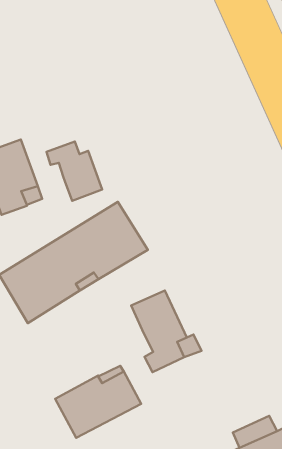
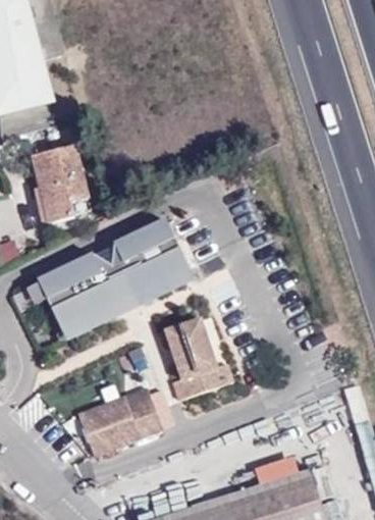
building: [46,142,102,201] -> none

